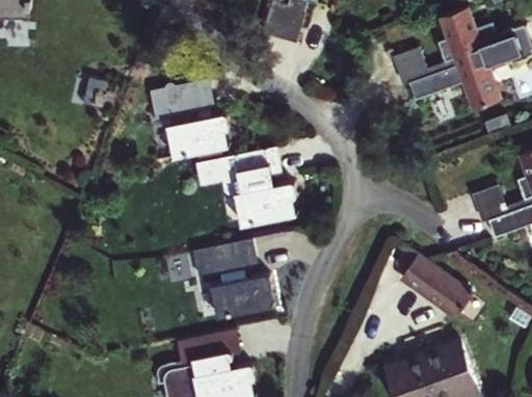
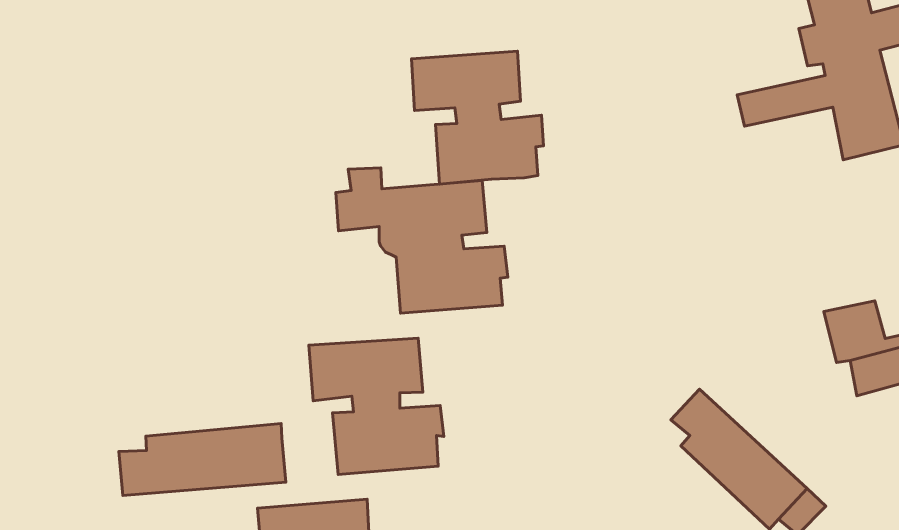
building: [392,50,455,88] -> none
building: [150,81,228,159] -> [412,51,543,184]
building: none -> [119,424,286,495]

